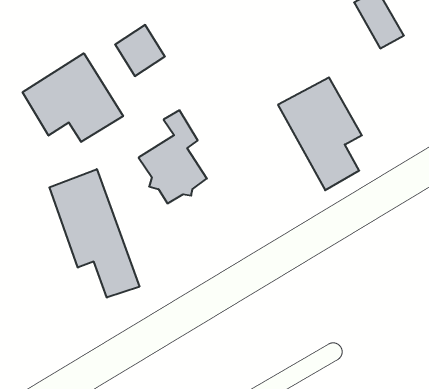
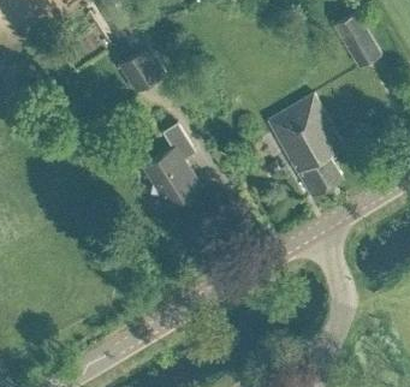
building: [23,53,123,142] -> none
building: [49,169,139,298] -> none

